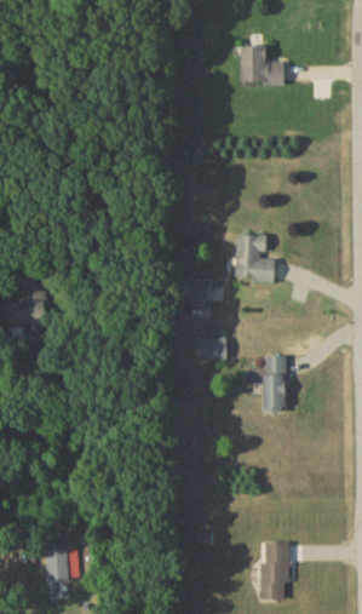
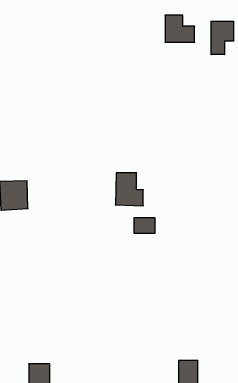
building: none -> [211,21,233,55]
building: [235,235,275,282] -> [115,173,143,206]
building: [264,355,285,409] -> none

